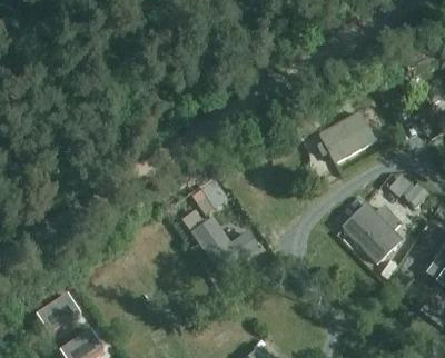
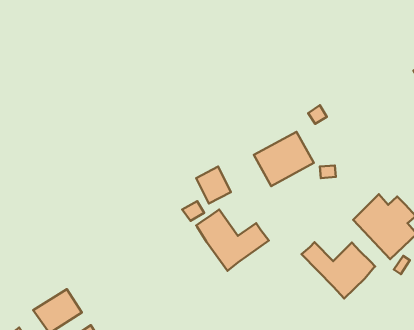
building: [318,111,376,163] -> [254,132,314,186]
building: none -> [302,242,375,298]

